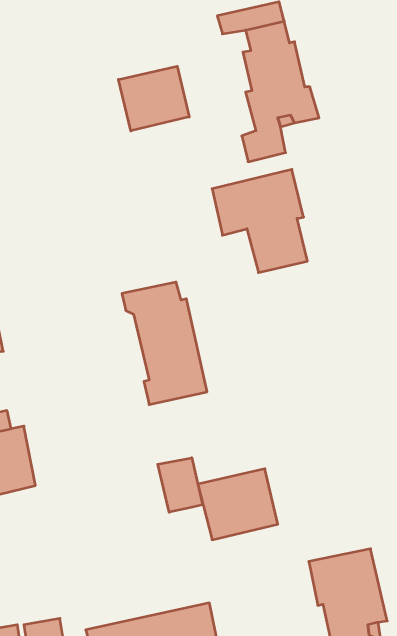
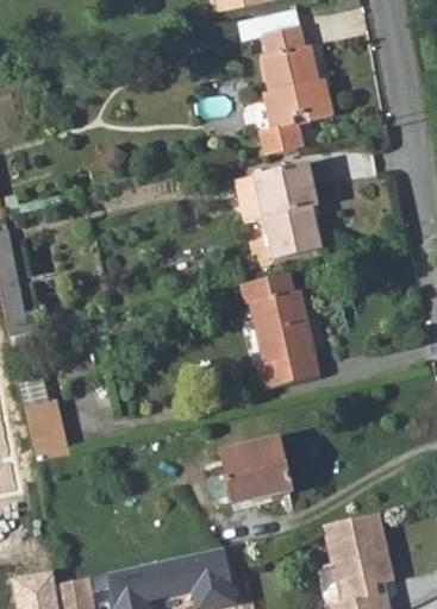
building: [118,66,189,131] -> none
building: [122,282,207,405] -> [239,274,318,387]
building: [158,458,203,512] -> none

